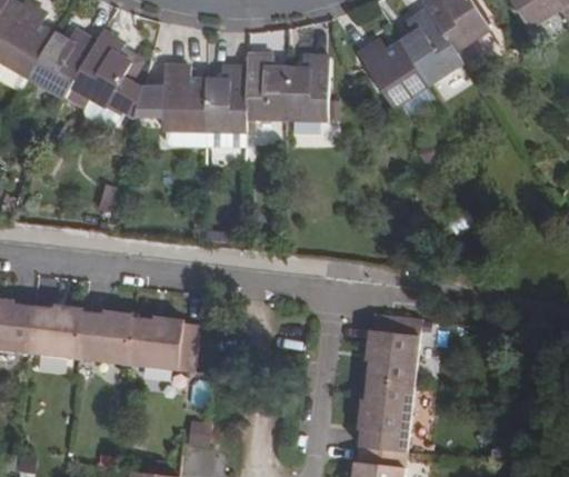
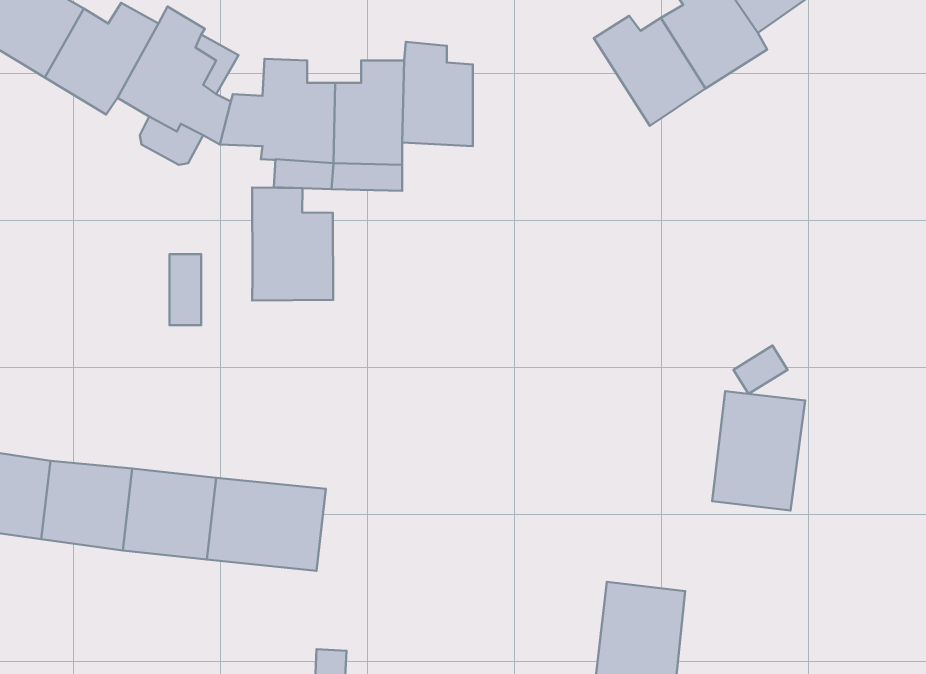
building: [286,58,327,118] -> none
building: none -> [252,187,333,300]
building: [366,312,421,384] -> [712,391,805,510]

